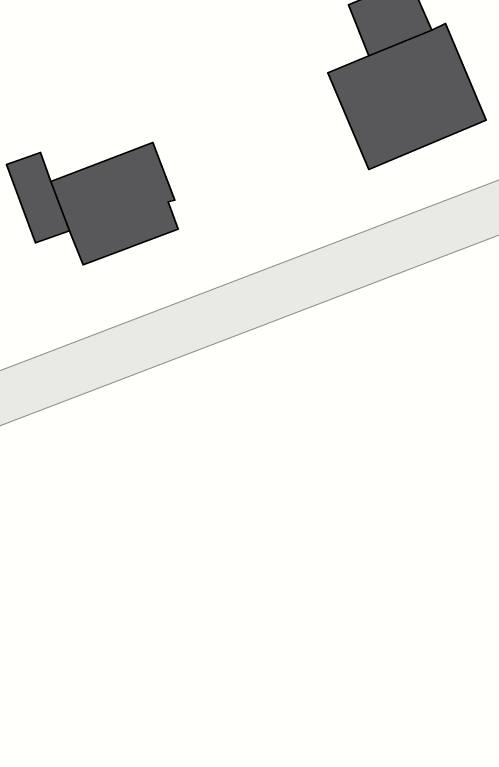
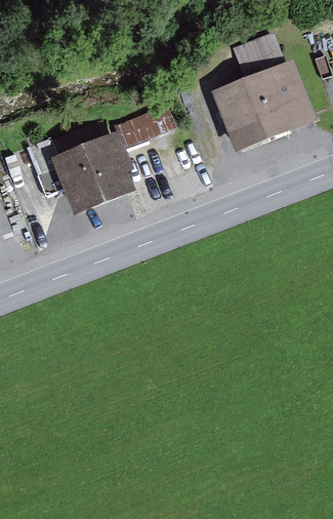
building: none -> [111,107,171,147]

